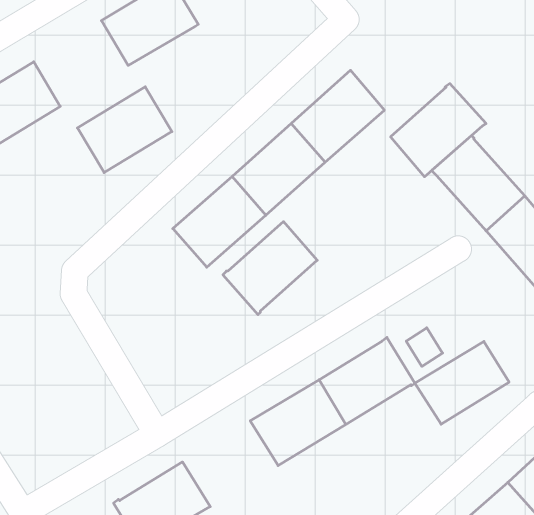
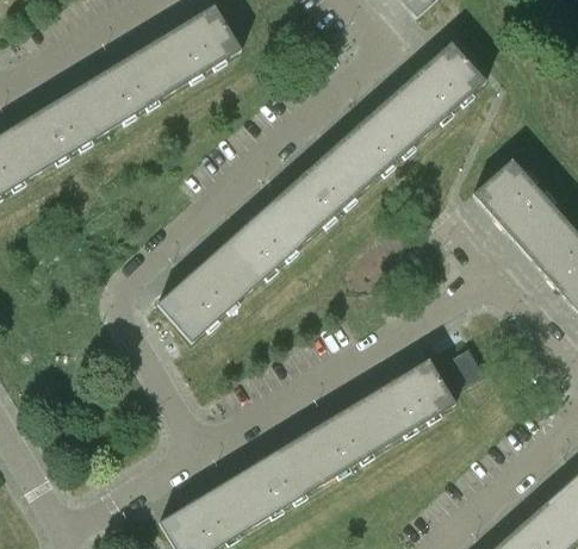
building: [391,84,486,177] -> [392,43,486,135]
building: [77,87,172,173] -> [80,46,173,131]
building: [223,222,317,315] -> [157,251,250,343]
building: [415,341,509,424] -> none
building: none -> [226,441,321,525]

